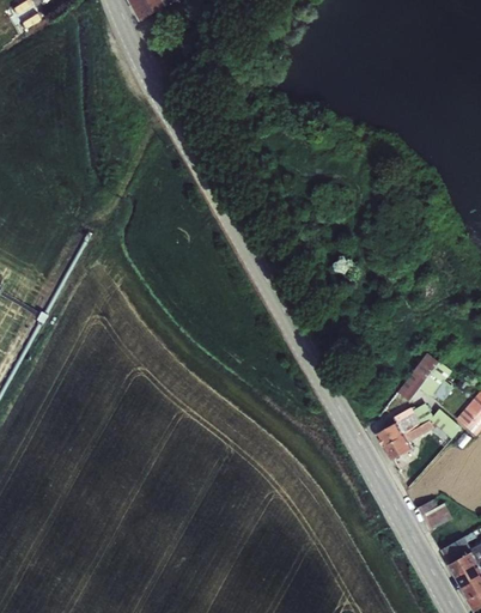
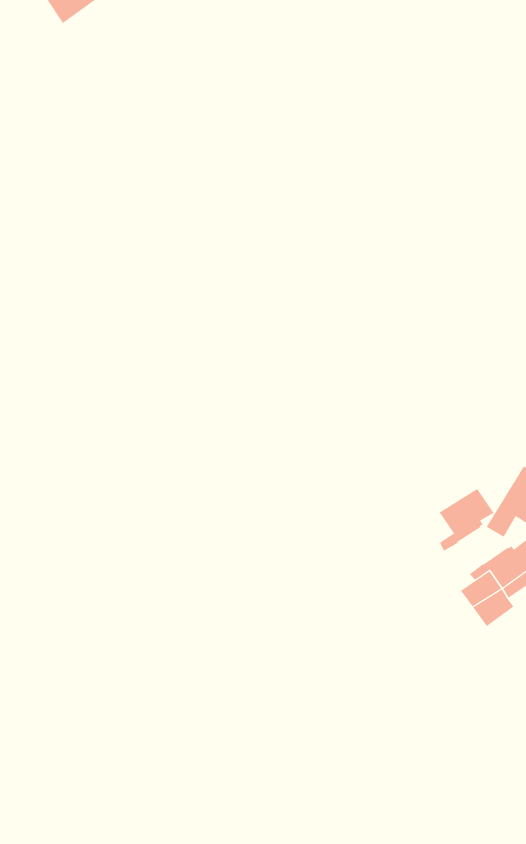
building: none -> [439,488,494,552]

